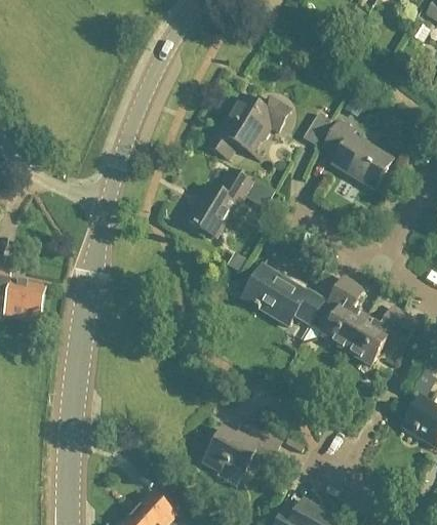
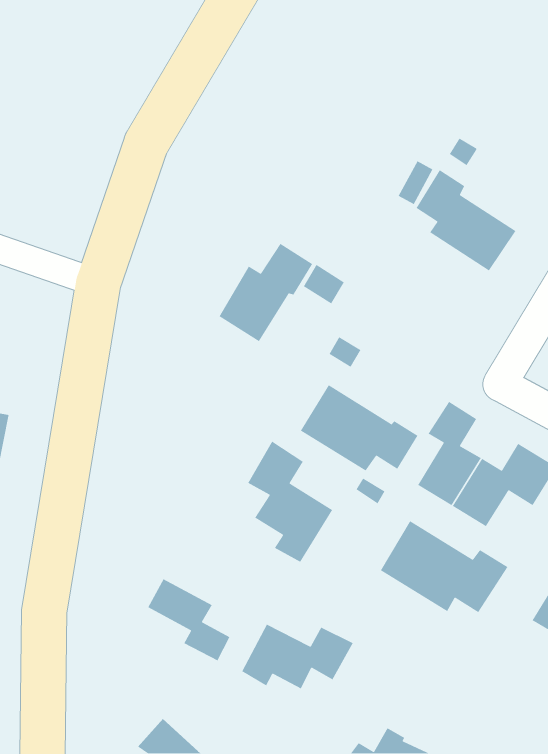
building: [209,95,290,159] -> none
building: none -> [247,441,333,563]
building: none -> [380,520,509,613]
building: none -> [147,578,231,662]

